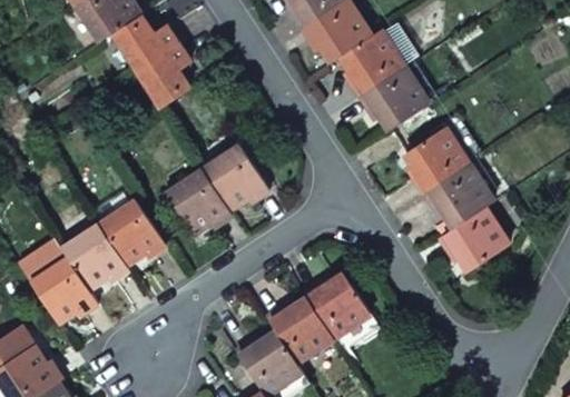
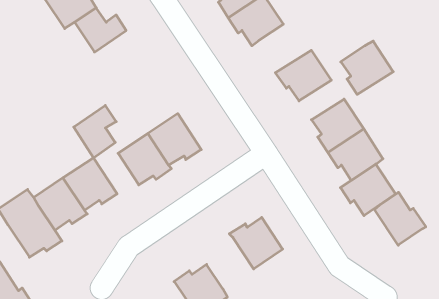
building: [341,30,405,96] -> [341,41,393,94]
building: [138,43,190,108] -> [74,105,116,158]
building: none -> [375,192,426,245]
building: [267,298,334,361] -> none

